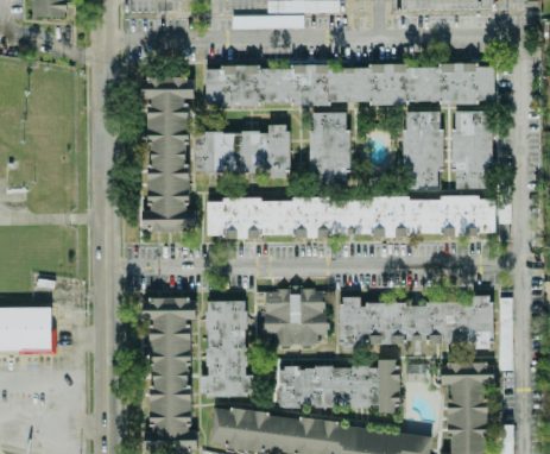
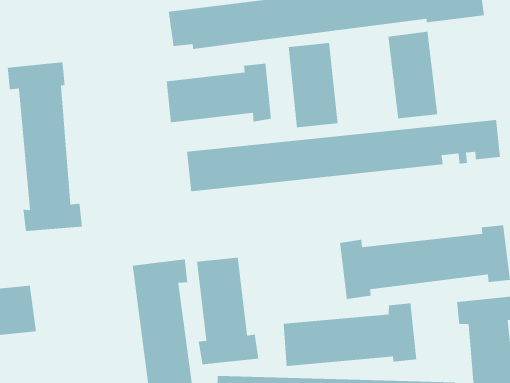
building: [140,77,195,232] -> [7,61,83,232]
building: [453,111,491,188] -> none
building: [264,289,325,343] -> none

